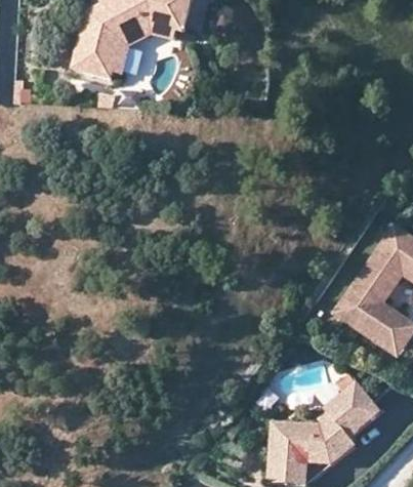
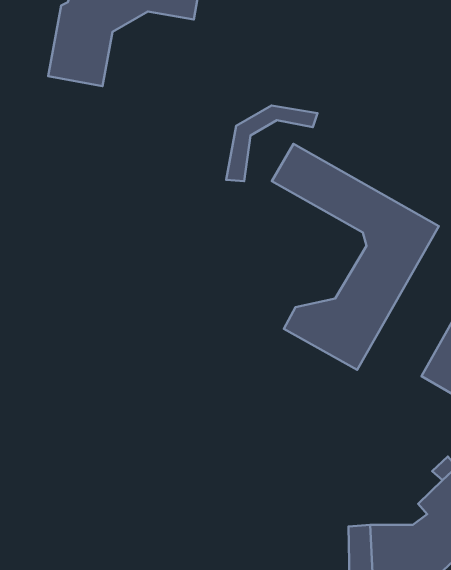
building: [110,26,181,81] -> [226,105,317,181]
building: none -> [272,144,439,370]

